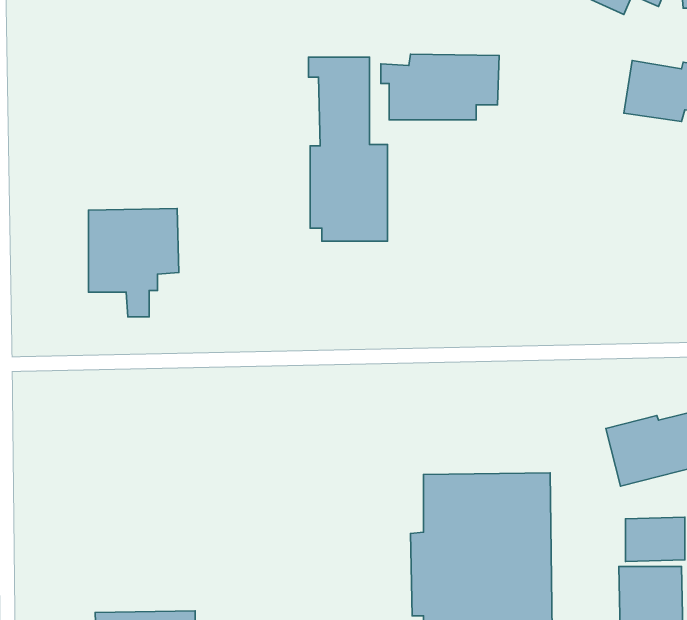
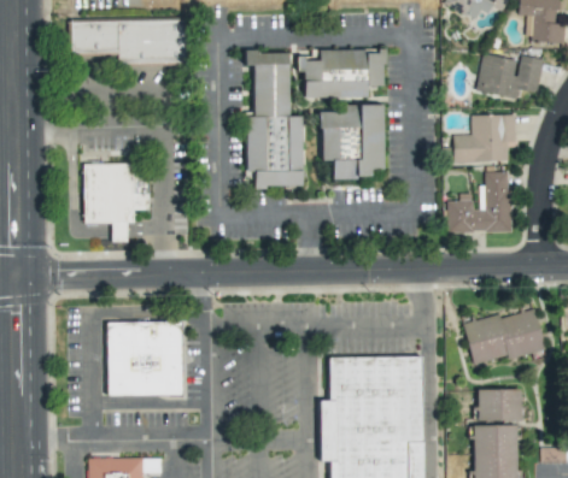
building: none -> [70,20,187,64]
building: none -> [321,106,385,178]
building: none -> [453,114,516,163]
building: none -> [447,171,511,234]
building: none -> [107,321,182,396]

